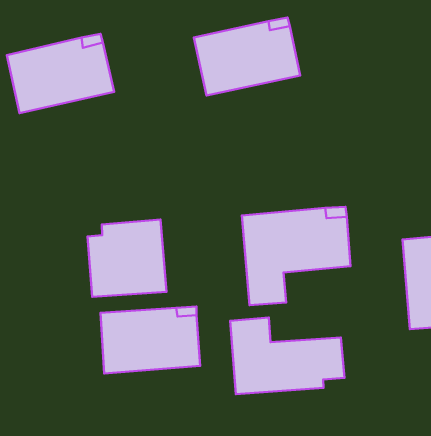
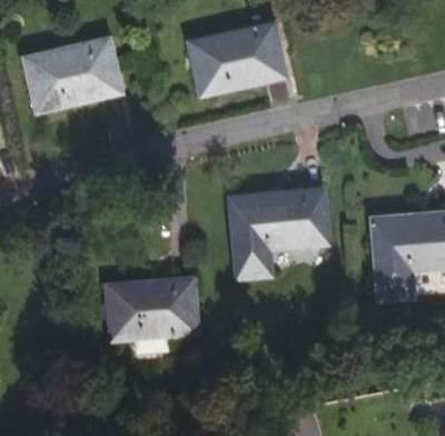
building: [88,219,167,297] -> none
building: [230,318,344,394] -> none

